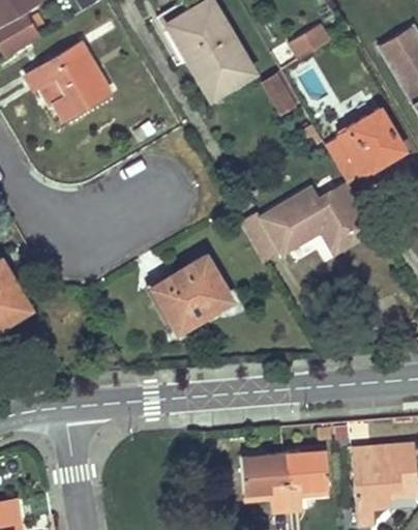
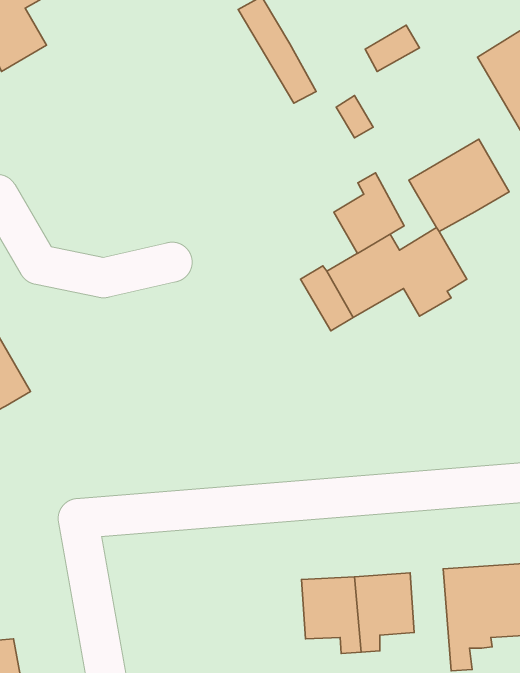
building: [168,9,235,97] -> none
building: [27,45,108,117] -> none
building: none -> [334,173,404,253]
building: [152,257,231,332] -> none

